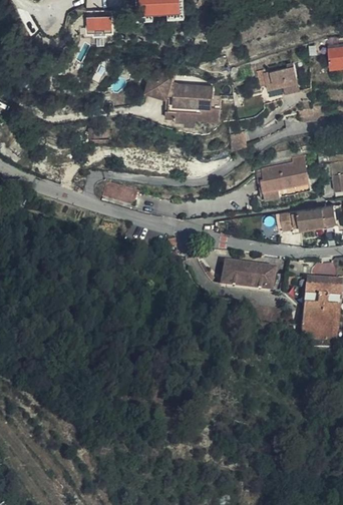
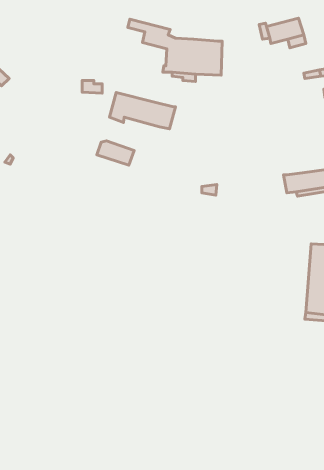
building: none -> [110,93,176,129]
building: [255,155,310,198] -> none
building: [221,262,274,289] -> none

